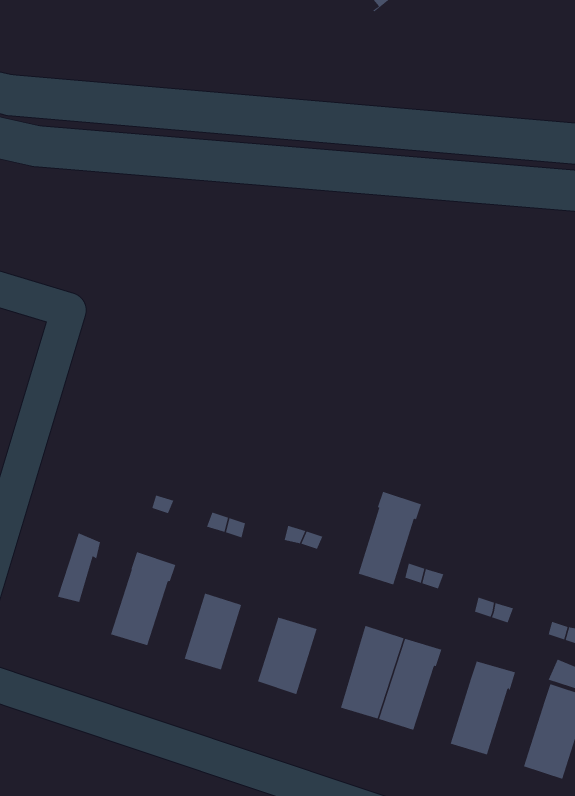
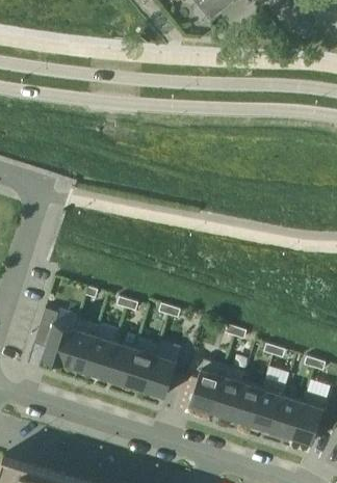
building: [358,491,422,585] -> [125,339,160,391]
building: none -> [43,322,75,365]
building: none -> [84,336,115,378]
building: none -> [231,382,262,425]
building: none -> [271,395,303,437]

